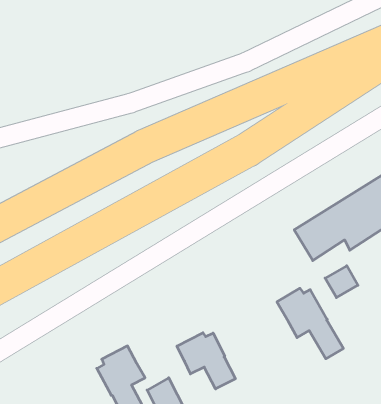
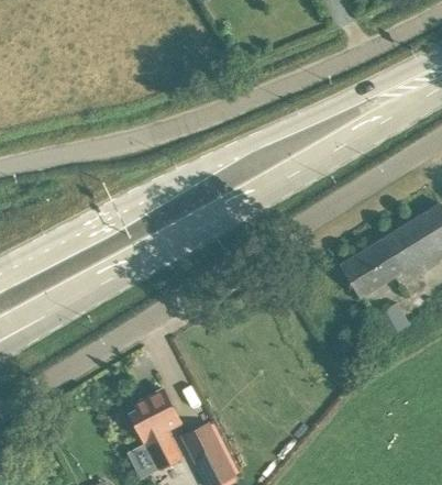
building: [277,288,343,359] -> none
building: [177,333,235,389] -> none

